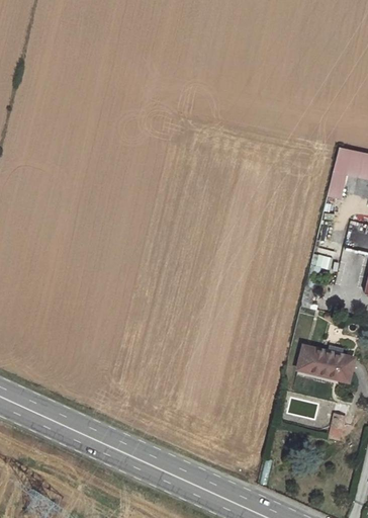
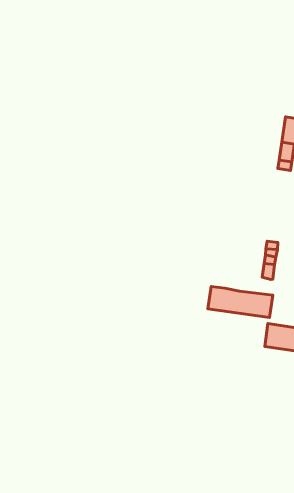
building: none -> [208,287,273,318]

